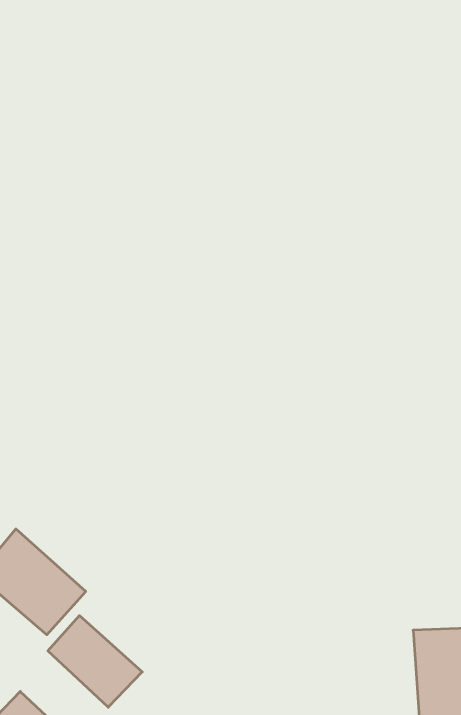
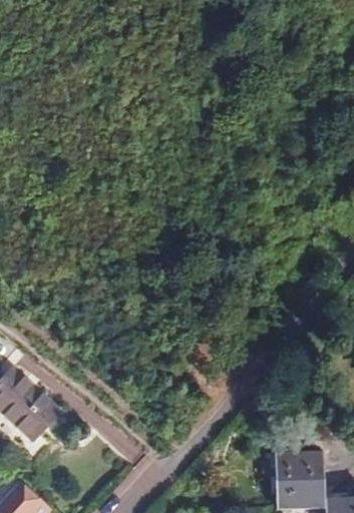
building: [48,616,142,707] -> none

